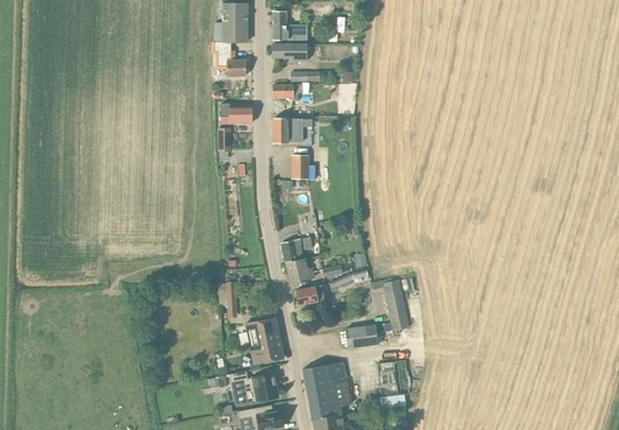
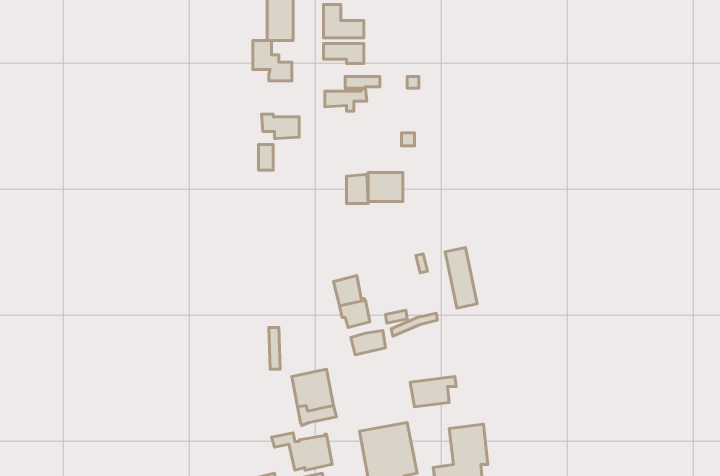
building: [273,117,302,141] -> [368,172,403,201]
building: [382,279,409,330] -> [445,248,477,308]

